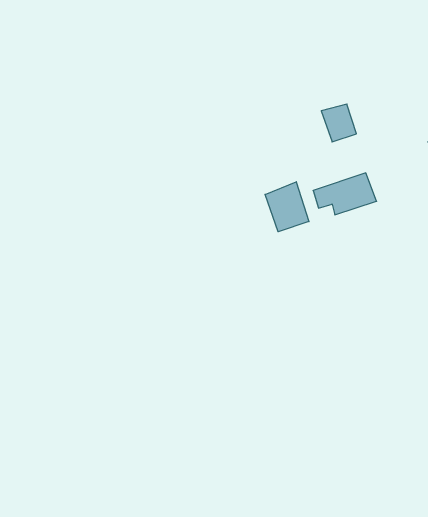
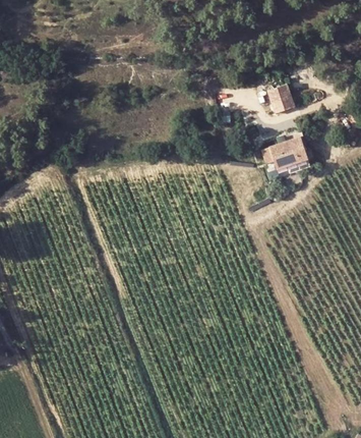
building: [265,182,309,232] -> none

